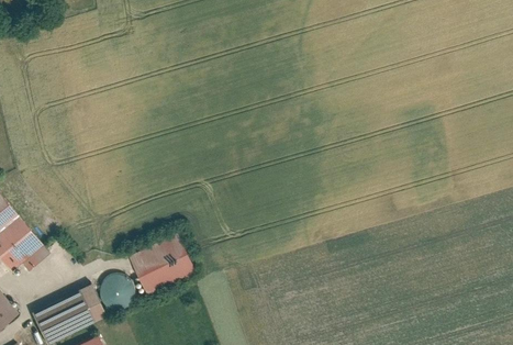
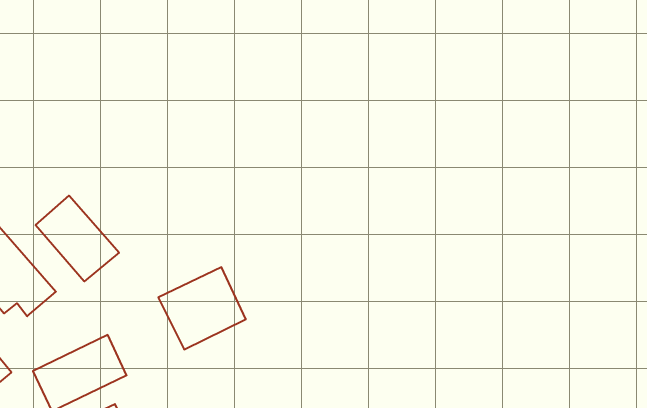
building: none -> [36,196,119,281]
building: [98,274,134,310] -> none

